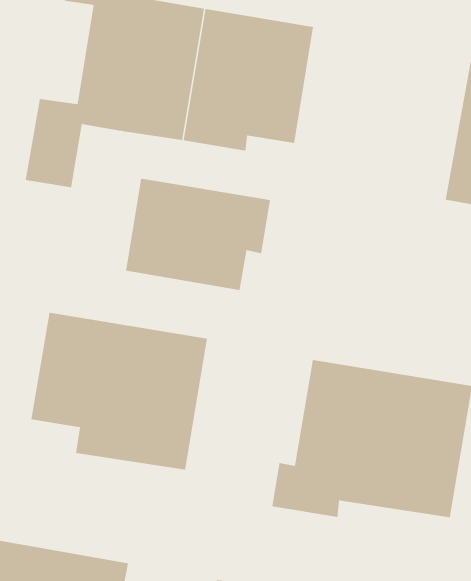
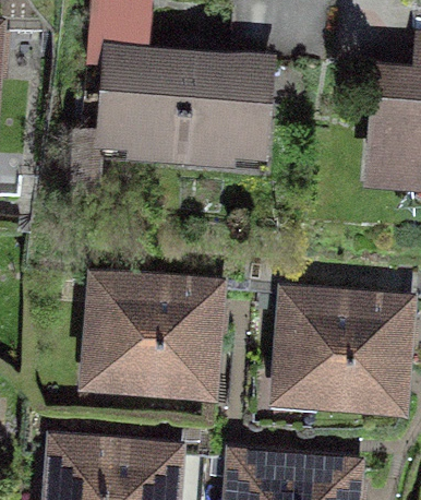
building: [125,178,271,291] -> none

